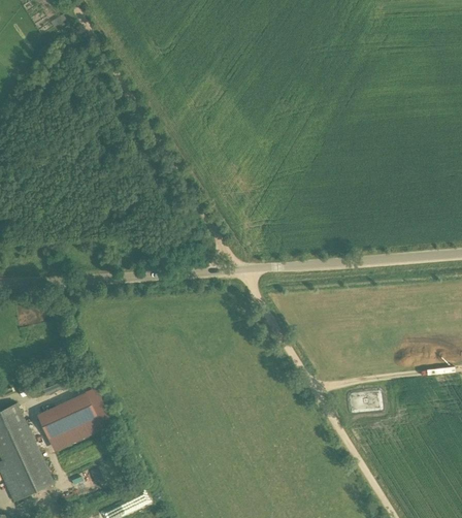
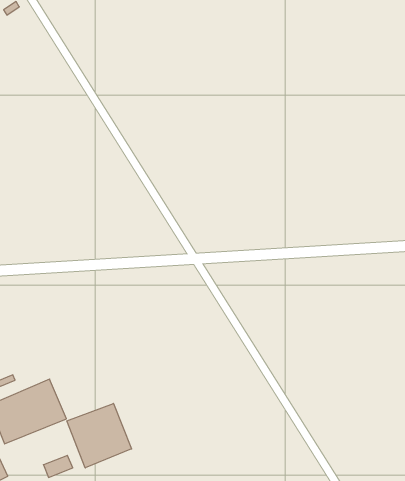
building: none -> [67,403,132,468]

